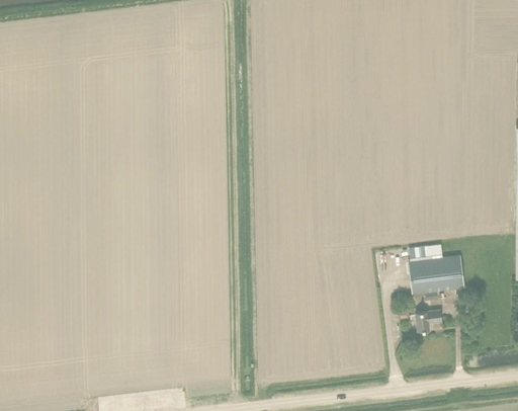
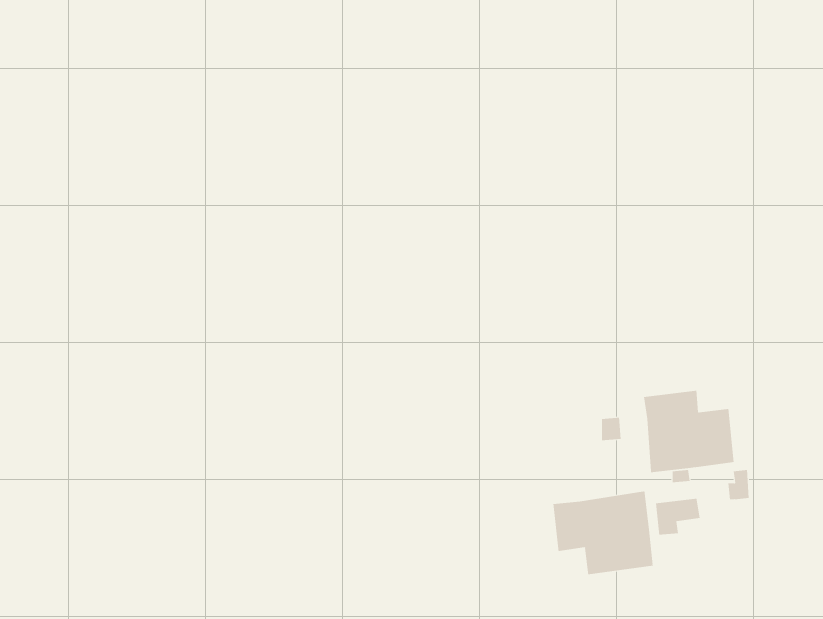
building: none -> [553,491,654,575]

